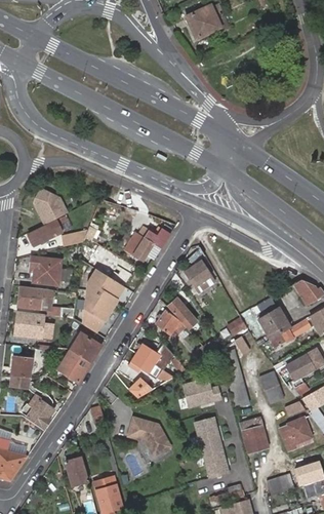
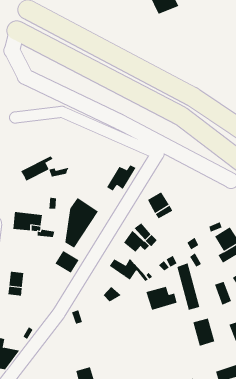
building: [34,190,68,225] -> none
building: [29,256,62,284] -> none
building: [14,312,52,339] -> none
building: [56,349,89,381] -> none
building: [127,352,161,380] -> none
building: [24,393,52,427] -> none
building: [193,416,228,477] -> none
building: [128,417,171,456] -> none
building: [66,457,88,484] -> none

